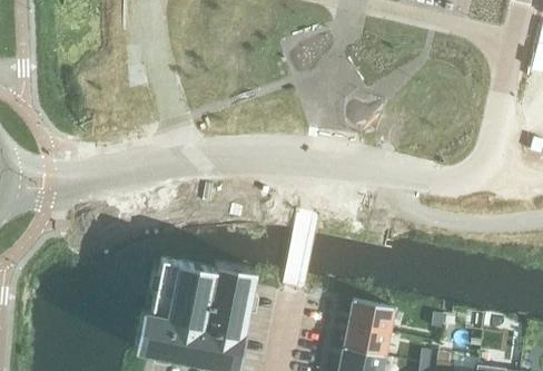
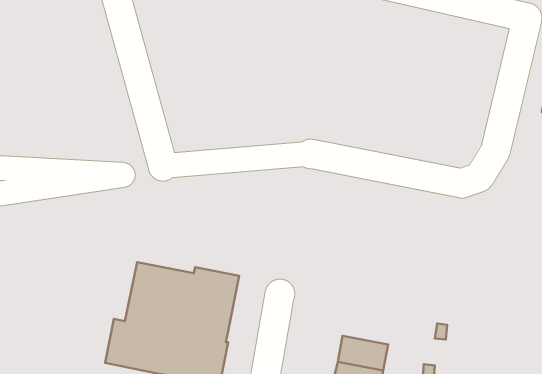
building: [348,301,395,333] -> none

